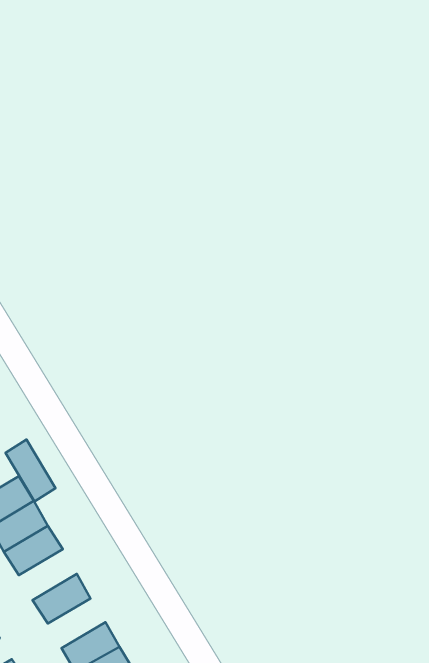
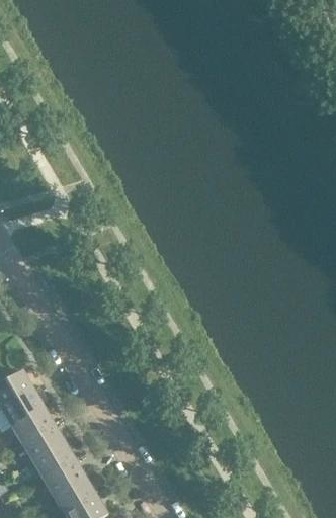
building: [6,439,55,502] -> none
building: none -> [21,424,64,461]
building: none -> [43,460,85,497]

